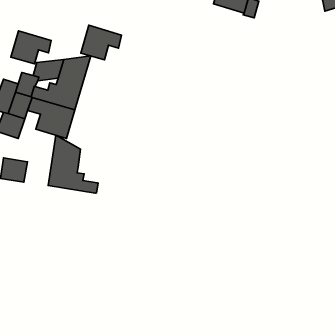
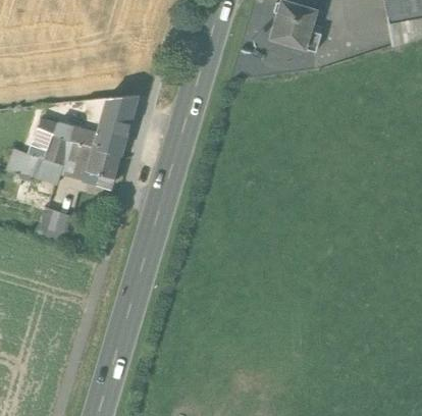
building: [81,25,122,60] -> none
building: [11,31,51,64] -> none
building: [48,135,98,193] -> none

